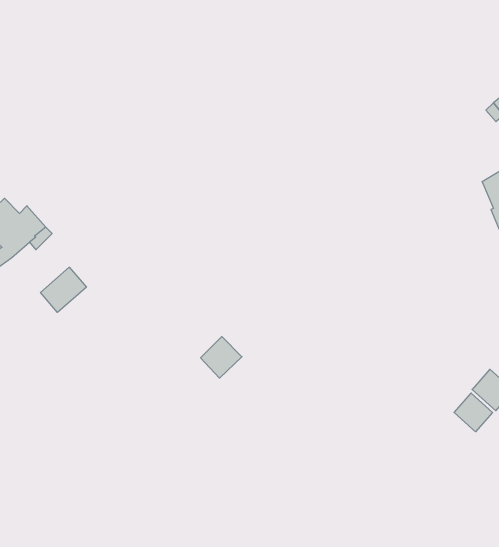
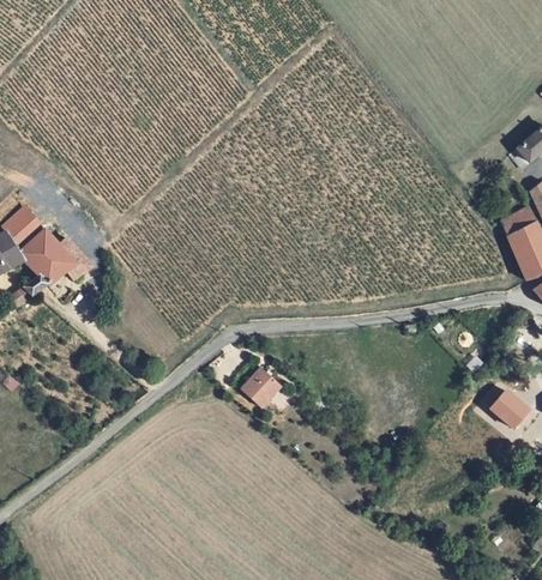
building: [41,267,86,312] -> none
building: [454,393,493,432] -> none

